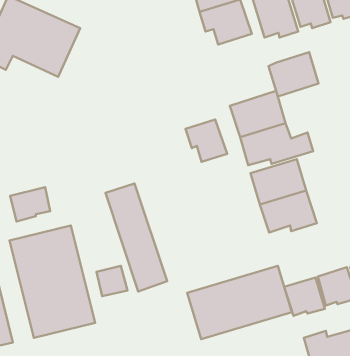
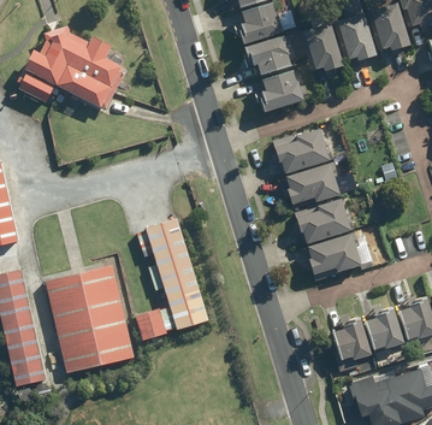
building: [269,52,318,96] -> [255,67,307,113]
building: [186,119,227,162] -> none
building: [10,187,50,221] -> none
building: [187,266,292,339] -> none

